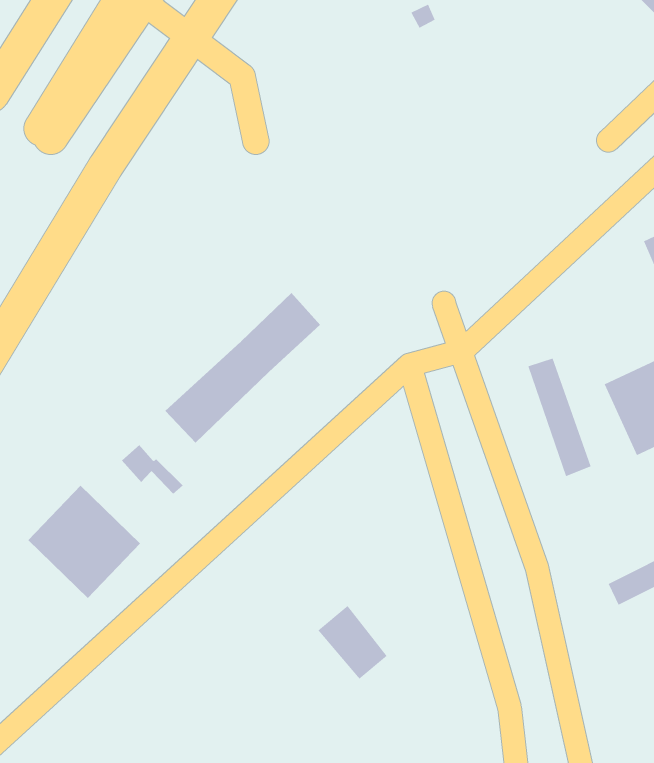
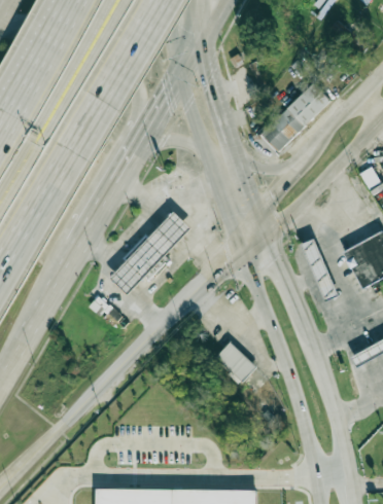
building: none -> [258,81,330,153]
building: [28,485,141,599] -> none
building: [317,605,388,679] -> [215,341,253,381]

